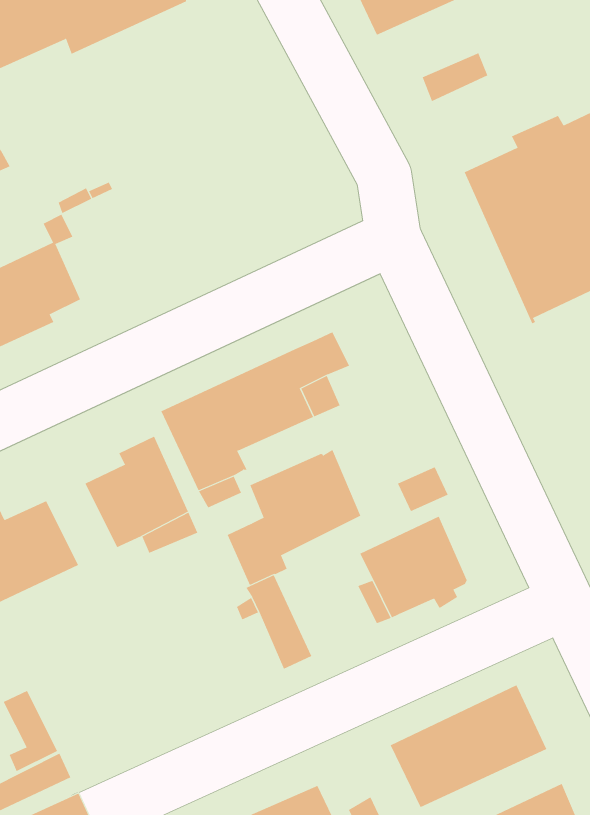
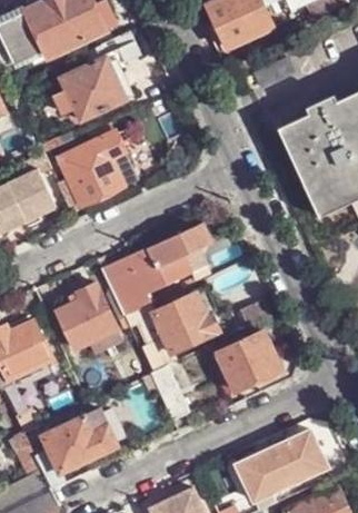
building: none -> [61,34,140,124]
building: none -> [48,128,148,210]
building: none -> [41,408,117,473]

